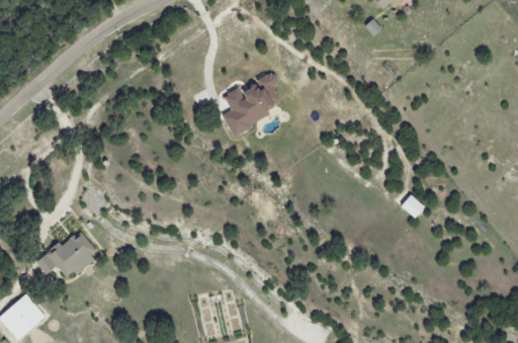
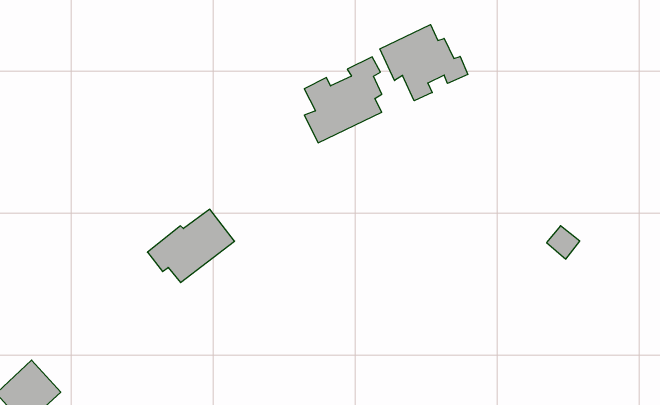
building: none -> [380,25,468,101]
building: [35,230,99,283] -> [147,209,235,283]

